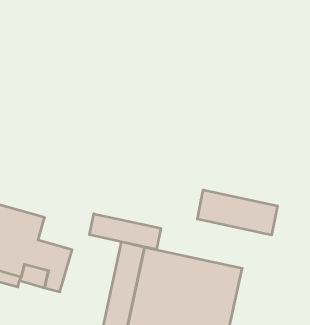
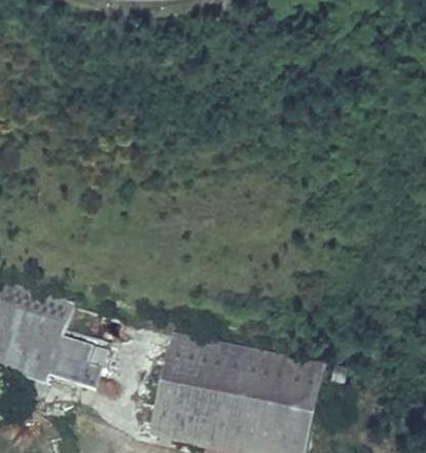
building: [197,190,277,235] -> none
building: [90,214,161,249] -> none

